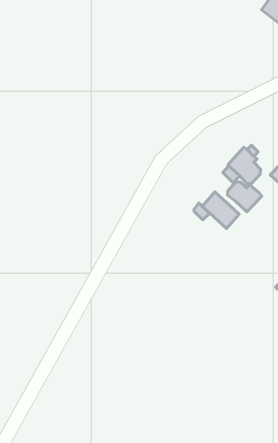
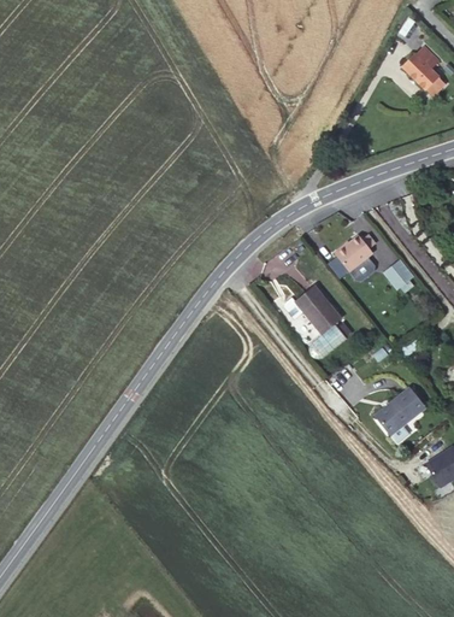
building: [228,182,262,212] -> none

